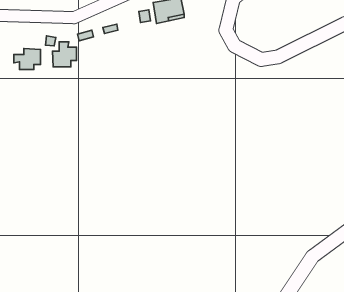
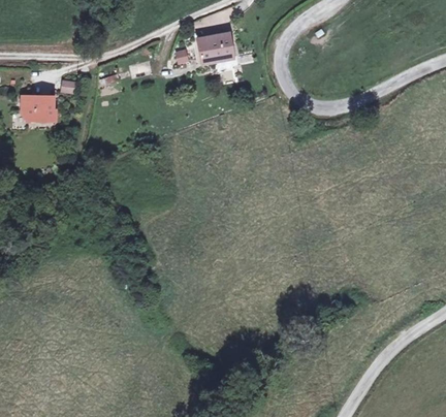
building: [52,42,77,67] -> none

